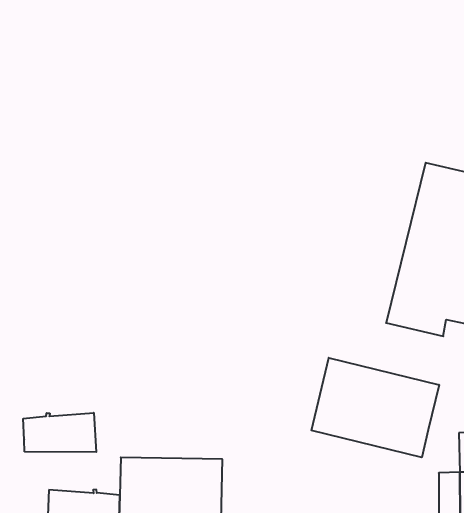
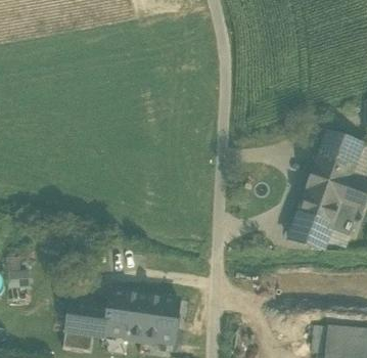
building: [311,358,439,457] -> none
building: [23,413,96,452] -> none

